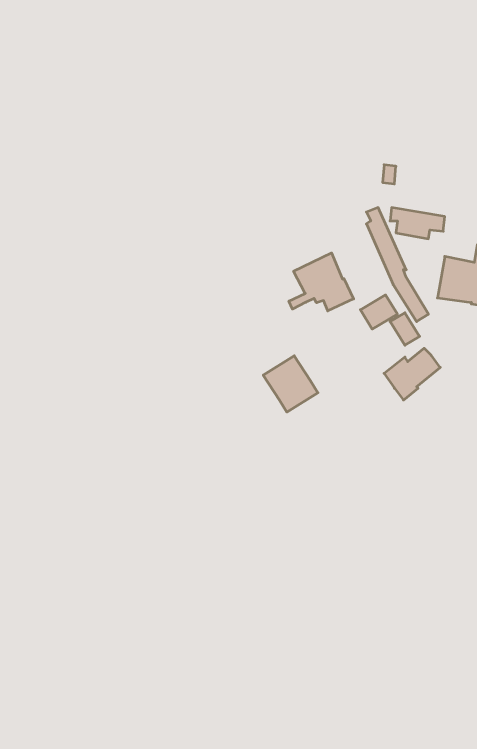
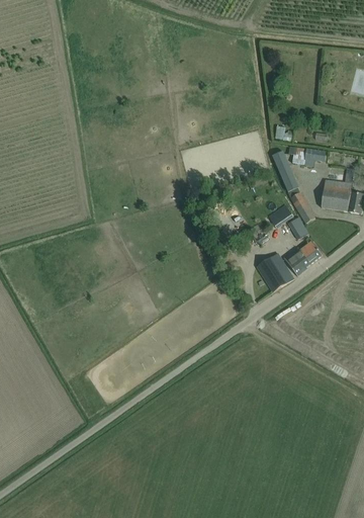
building: [289,253,354,311] -> none
building: [263,356,318,412] -> [257,253,294,291]

